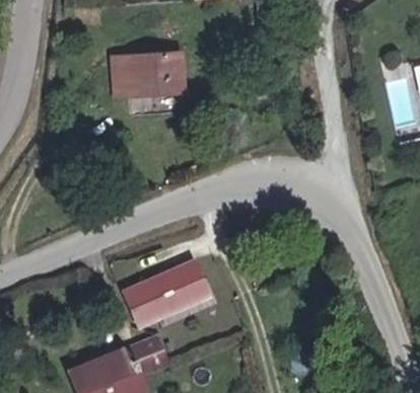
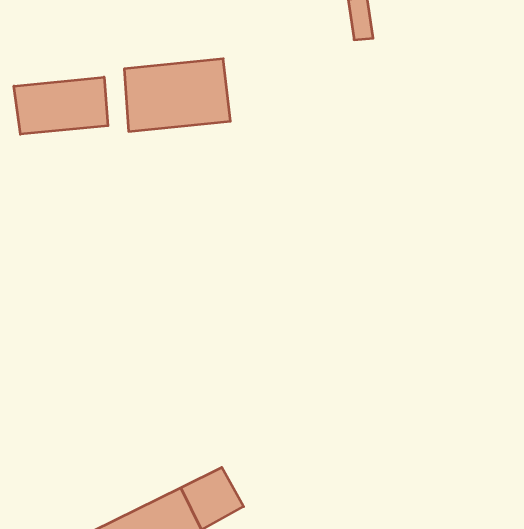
building: none -> [14,77,108,134]
building: [120,259,208,317] -> none

